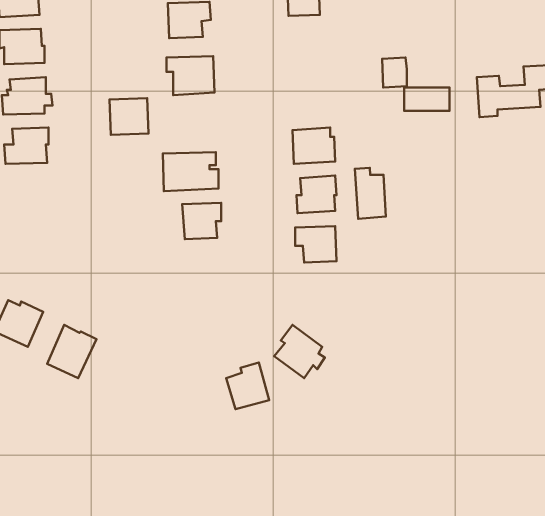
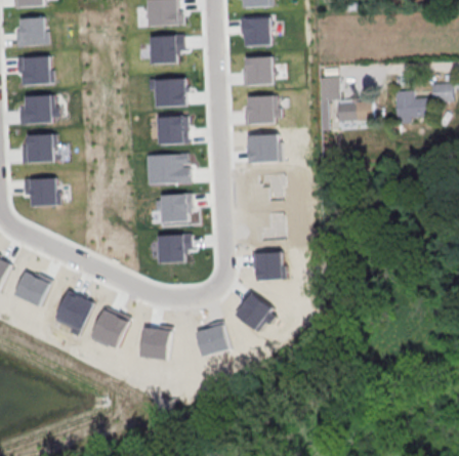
building: none -> [241,55,273,85]
building: none -> [244,94,281,123]
building: [110,98,149,135] -> [157,115,187,143]
building: [355,168,386,219] -> none
building: none -> [24,177,59,206]
building: none -> [158,233,191,261]
building: none -> [250,251,283,280]
building: none -> [91,305,130,346]
building: none -> [140,327,170,359]

